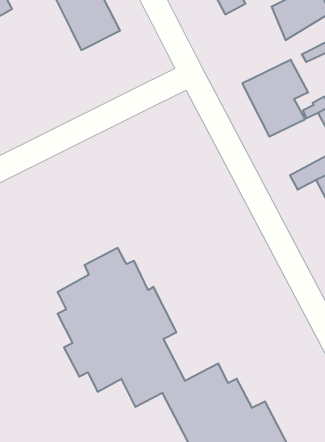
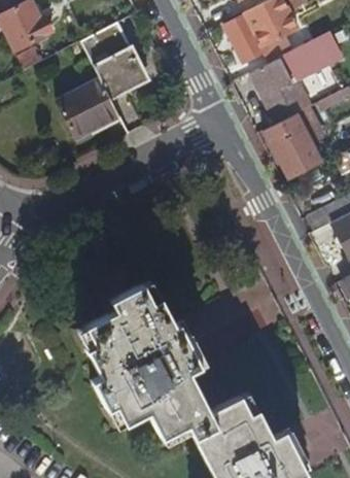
building: none -> [253,56,305,103]
building: none -> [57,78,120,139]

